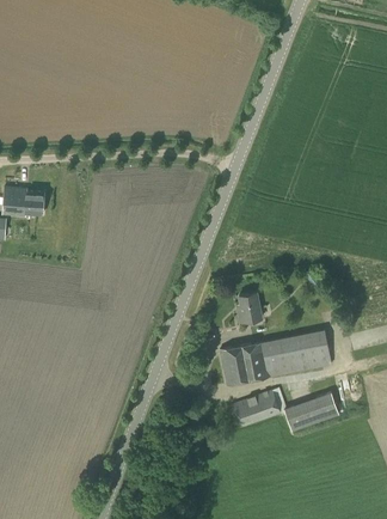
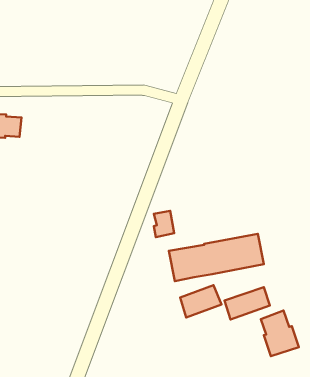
building: [238,292,262,323] -> [154,211,174,237]
building: none -> [261,310,299,356]

